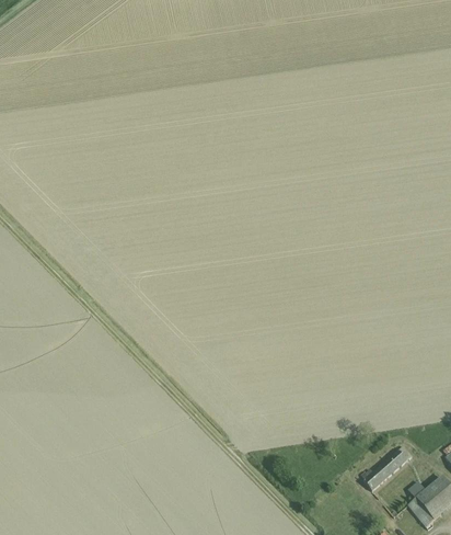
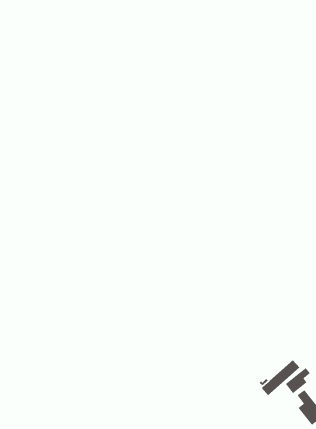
building: none -> [285,367,311,394]

